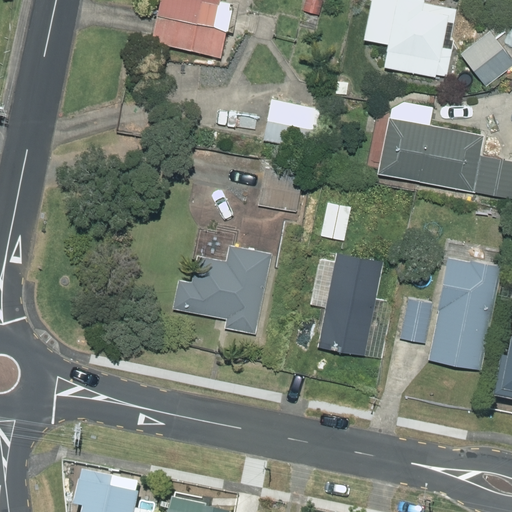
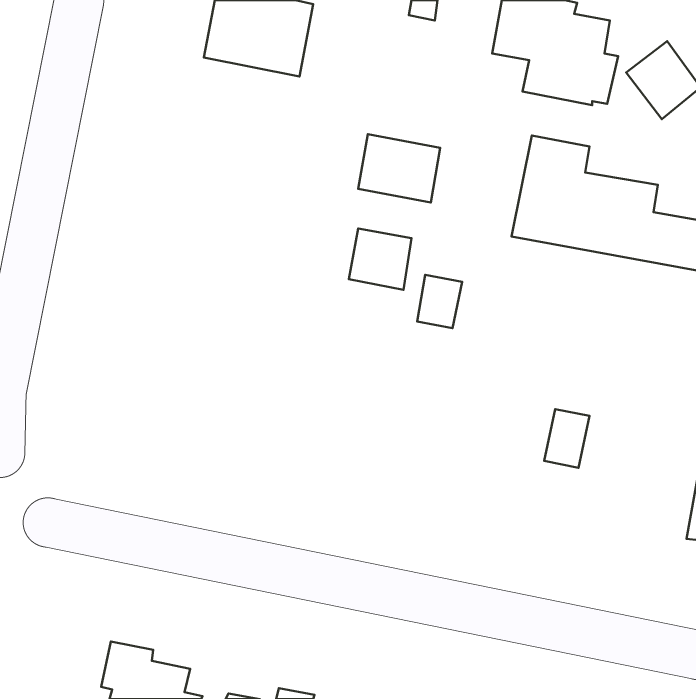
building: [171,246,271,334] -> none
building: [316,252,383,356] -> none
building: [428,258,501,370] -> none

